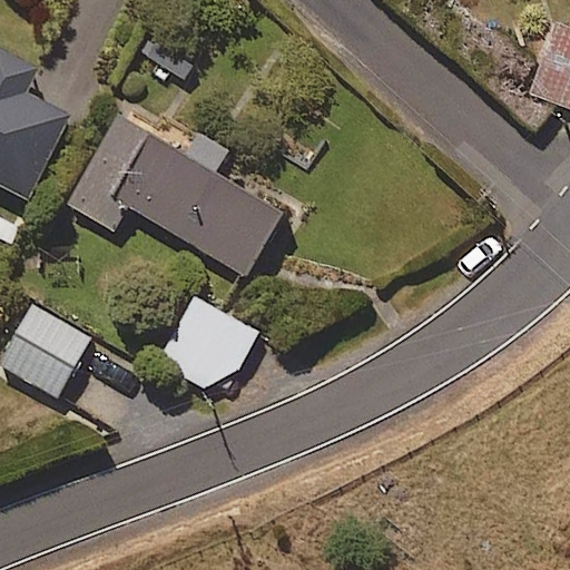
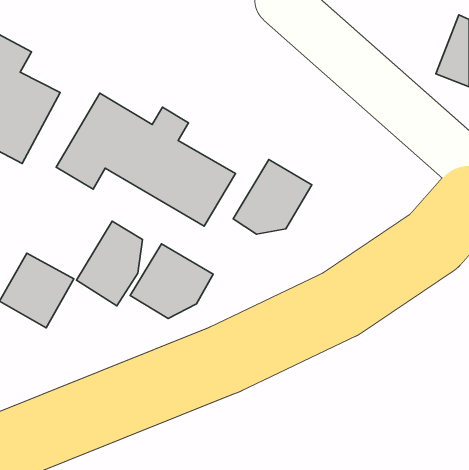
building: none -> [233,159,312,234]
building: none -> [77,221,143,306]

